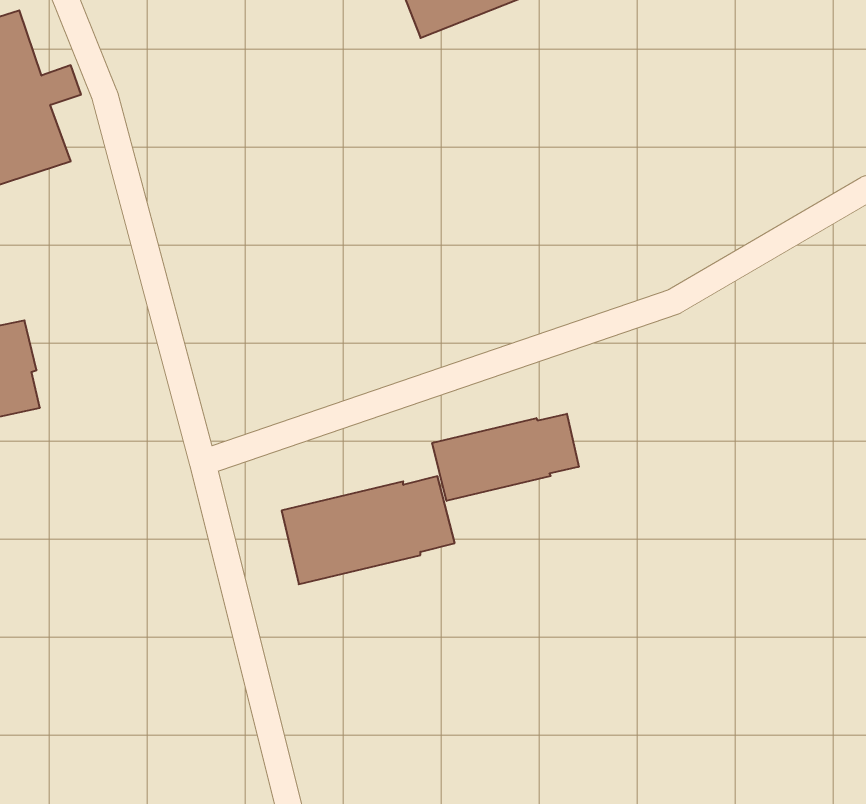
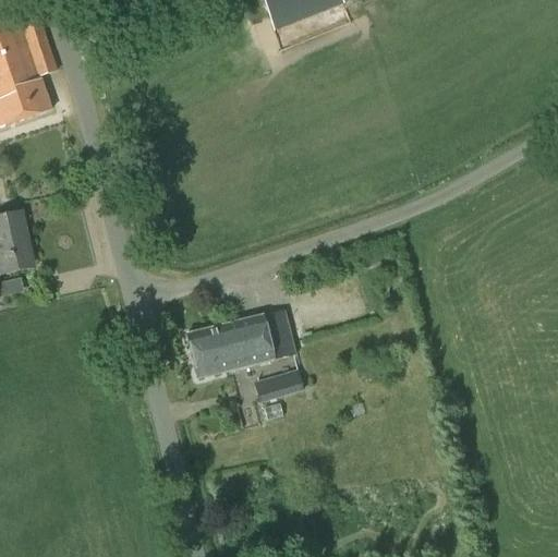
building: [432,414,579,501] -> none
building: none -> [254,367,305,401]

